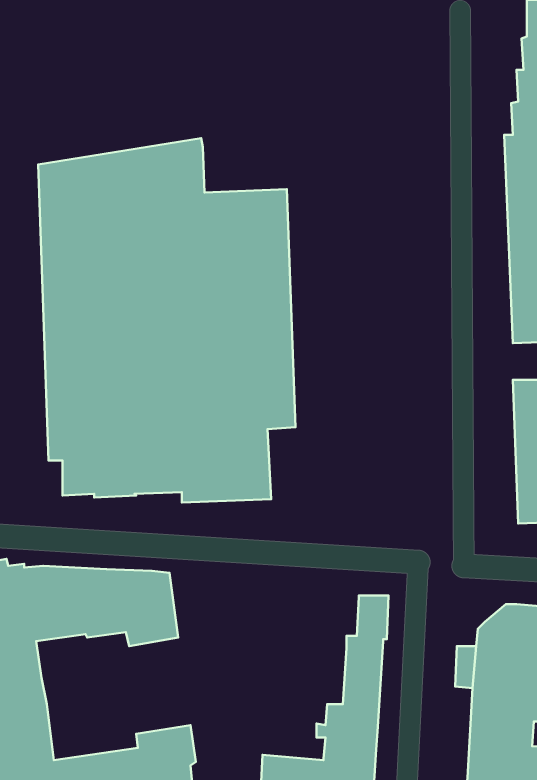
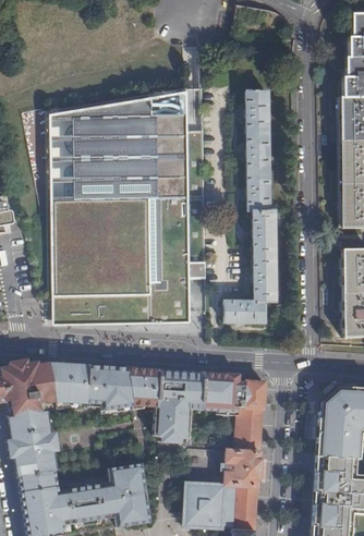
building: none -> [149,88,203,131]
building: none -> [227,89,278,322]
building: none -> [130,367,247,440]

